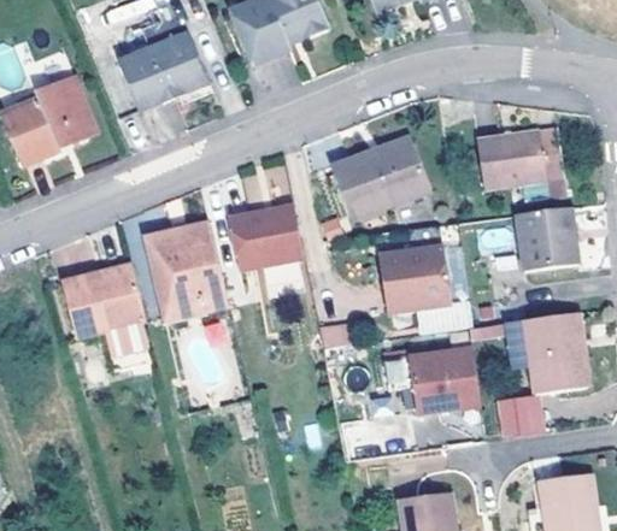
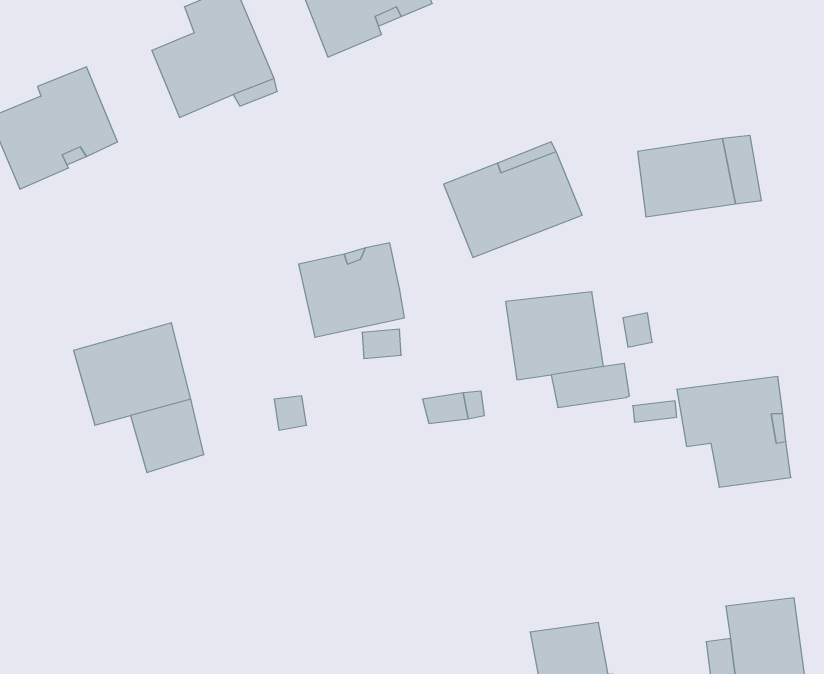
building: [513,206,577,266] -> none
building: [142,219,229,320] -> none
building: [382,341,480,407] -> none
building: [498,394,547,438] -> none

